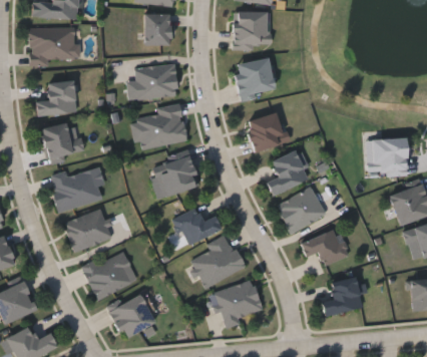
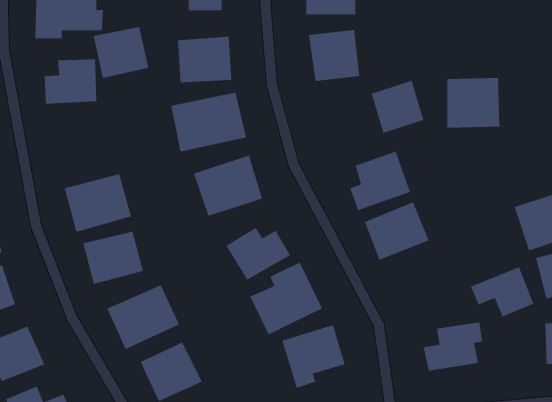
building: [246,111,286,151] -> [371,80,424,134]
building: [41,120,83,159] -> [93,27,149,79]
building: [368,137,408,175] -> [447,78,500,128]
building: [300,228,348,266] -> [470,267,534,317]

